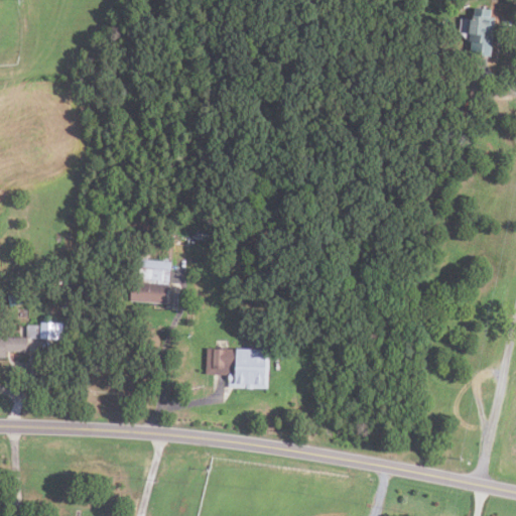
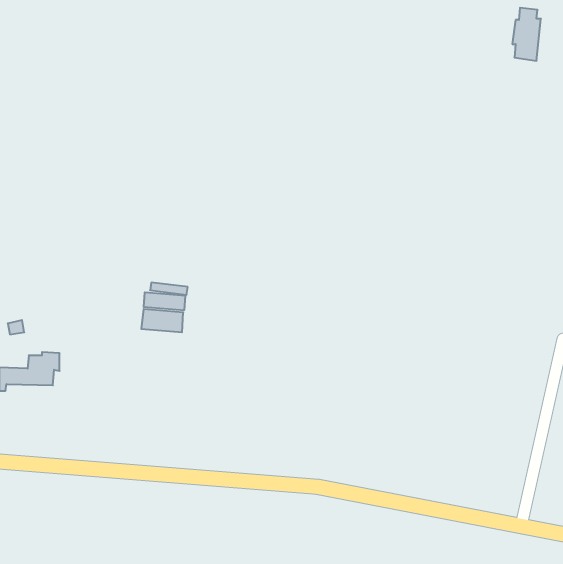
building: [207,349,268,388] -> none

